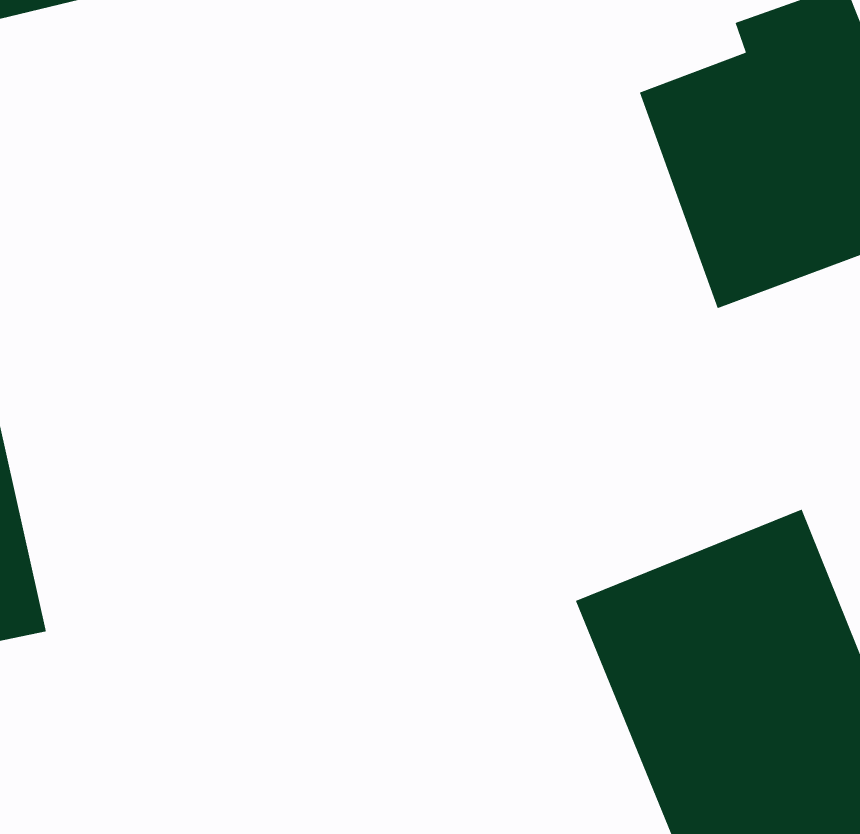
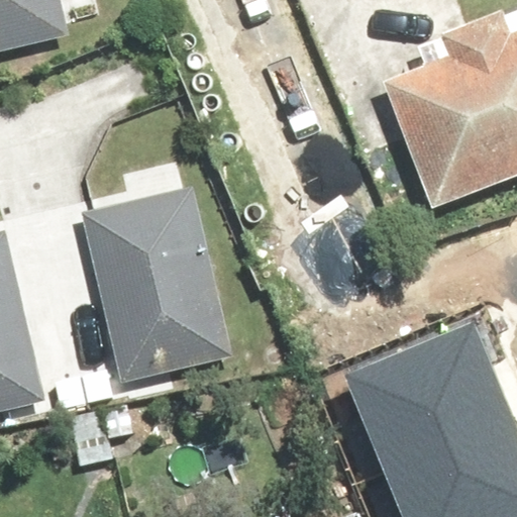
building: none -> [99,189,243,376]

